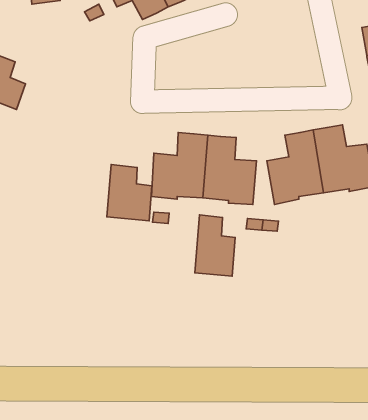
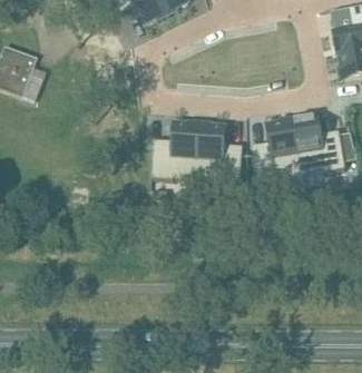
building: [107,164,152,221] -> none
building: [195,215,235,276] -> none

